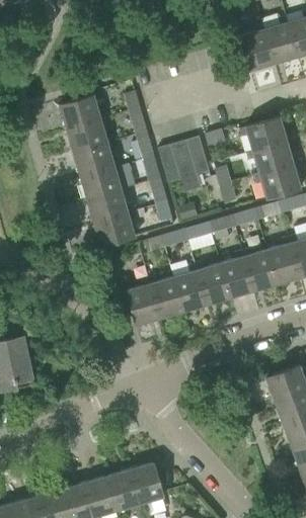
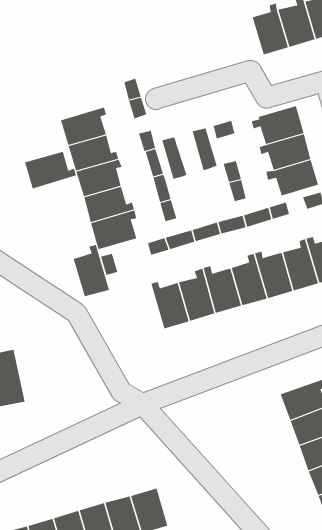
building: [59,95,106,130] -> [24,151,77,189]
building: [170,140,202,194] -> none
building: [127,277,160,325] -> [73,244,110,297]

